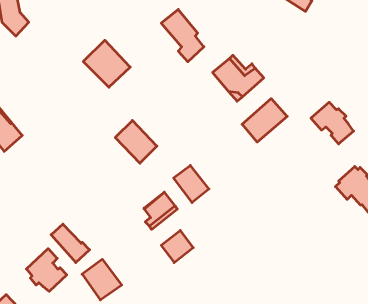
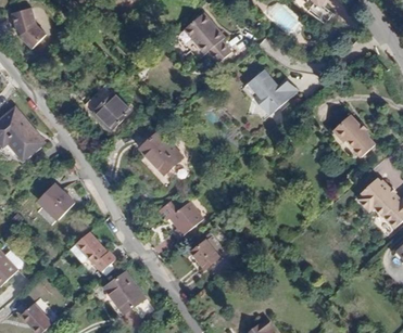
building: [83,40,130,87] -> [79,81,127,129]
building: [242,99,287,142] -> none
building: [174,165,209,203] -> none
building: none -> [40,185,75,218]
building: [26,249,67,291] -> none

